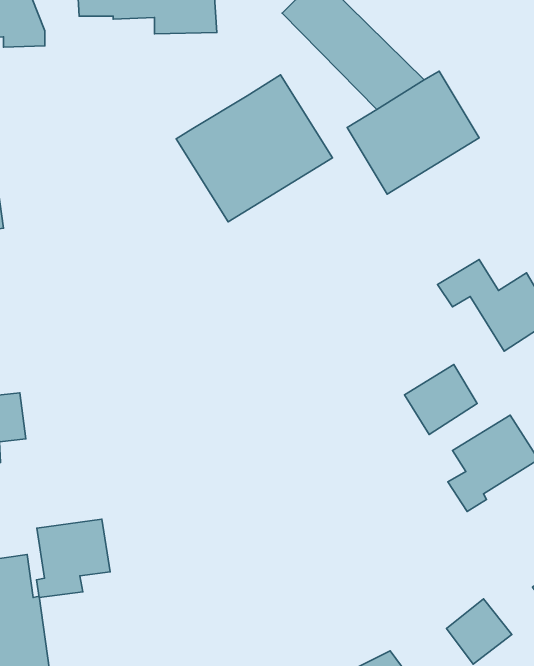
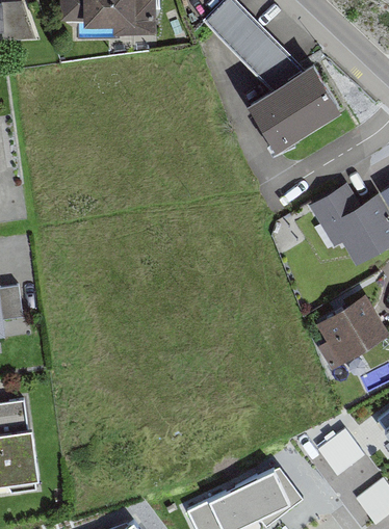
building: [176,75,332,222] -> none
building: [404,364,477,434] -> none
building: [36,519,110,598] -> none

